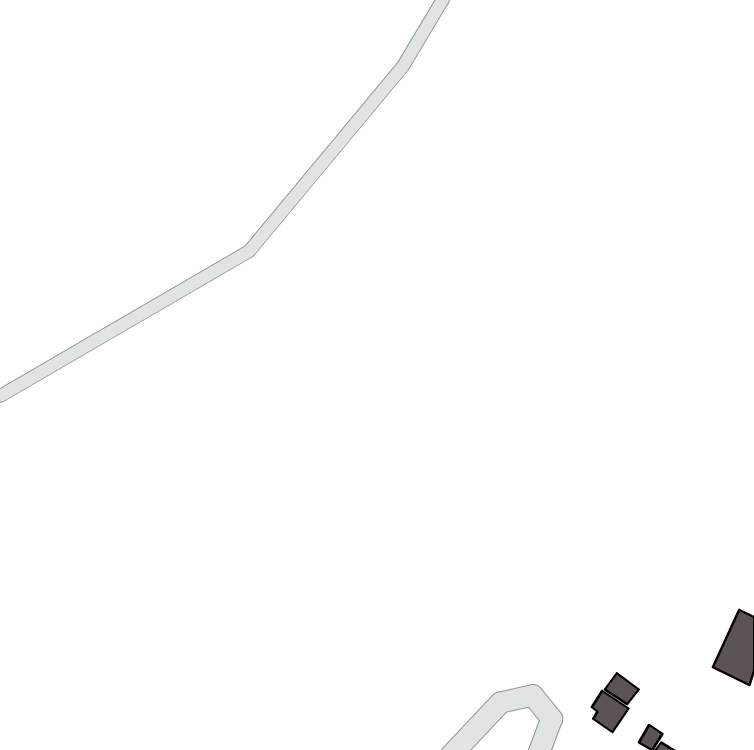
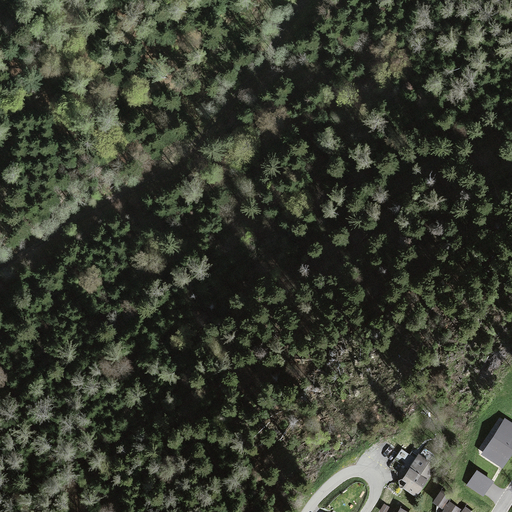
building: none -> [467,468,494,495]

